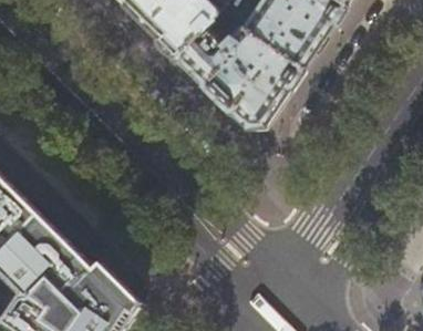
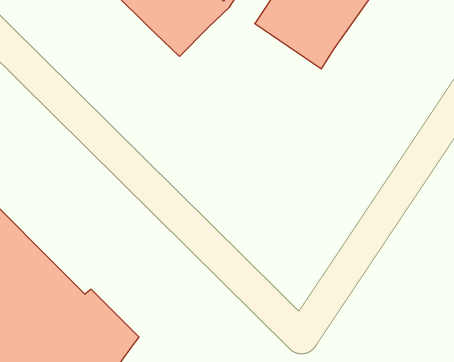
building: [177,28,302,127] -> none

